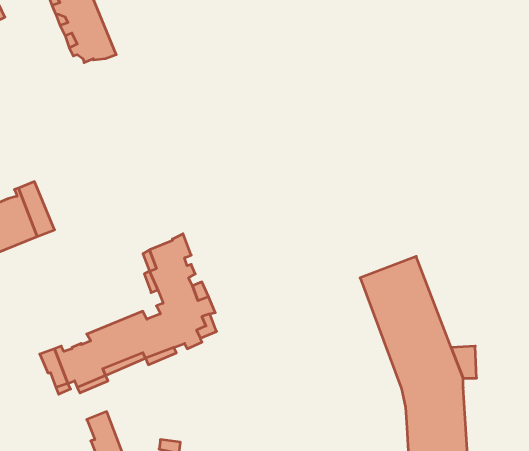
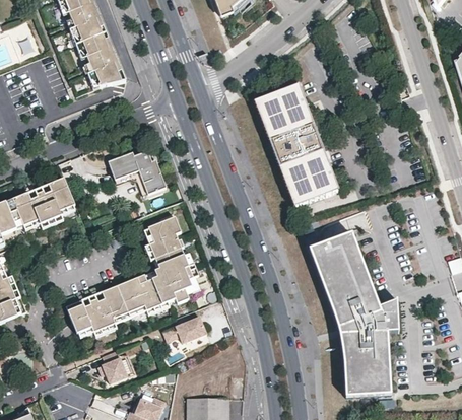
building: none -> [254,84,338,207]
building: none -> [108,151,167,194]
building: none -> [162,316,206,342]

